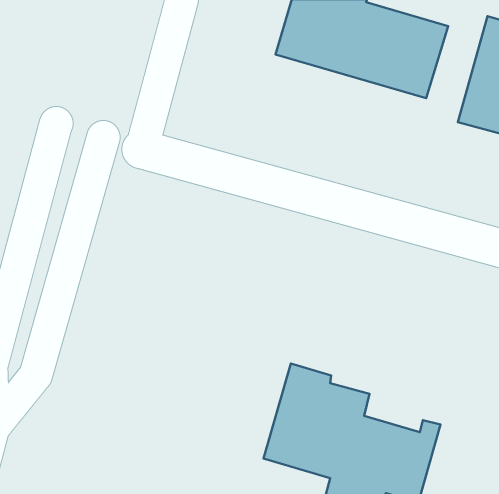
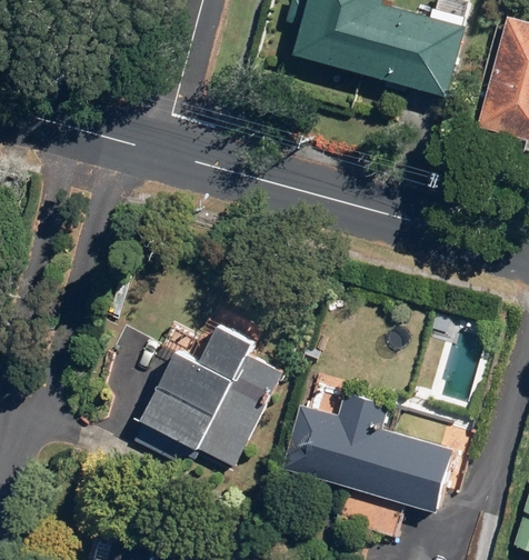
building: none -> [142,318,282,466]

